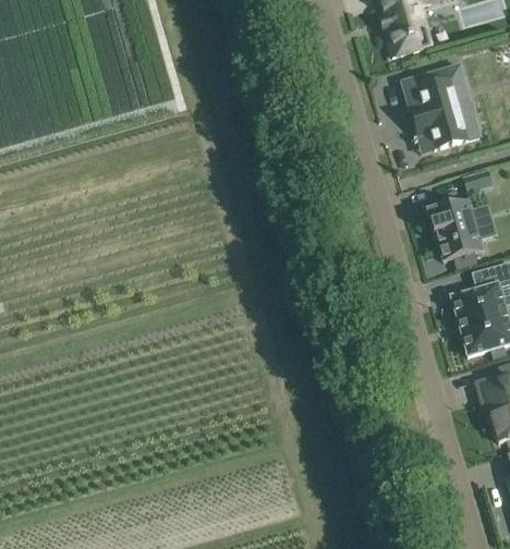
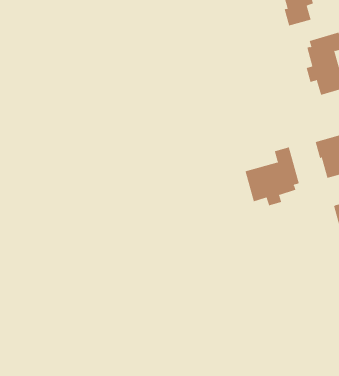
building: none -> [245,147,299,206]

